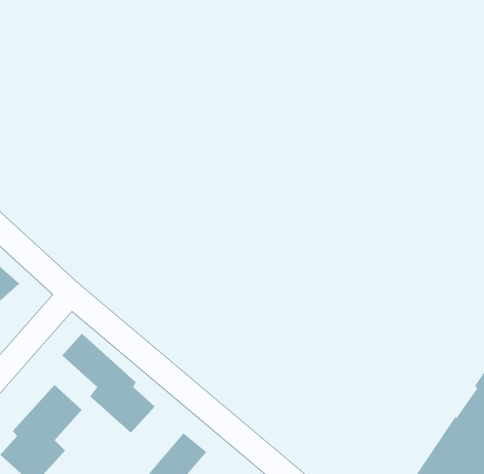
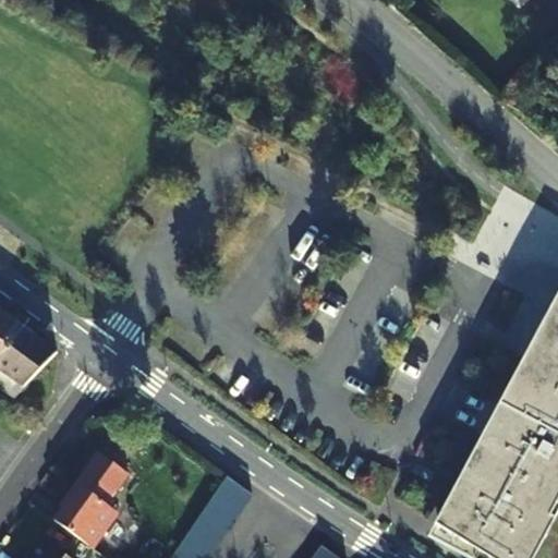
building: [62,333,156,434] -> none

